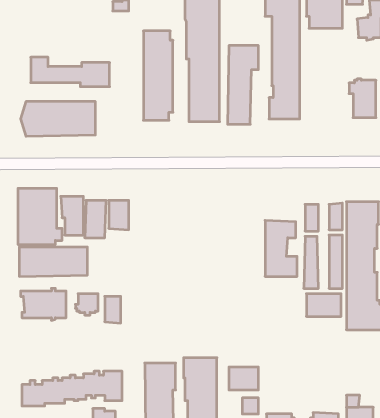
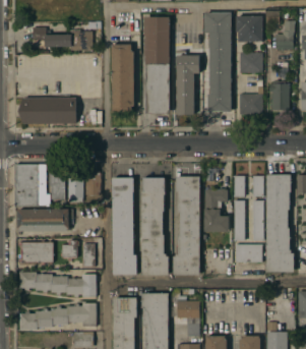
building: none -> [240,52,262,72]
building: [31,57,110,87] -> [32,27,91,50]
building: none -> [239,94,262,114]
building: none -> [173,176,199,275]
building: none -> [112,177,137,275]
building: none -> [141,177,169,275]
building: none -> [19,272,96,297]

